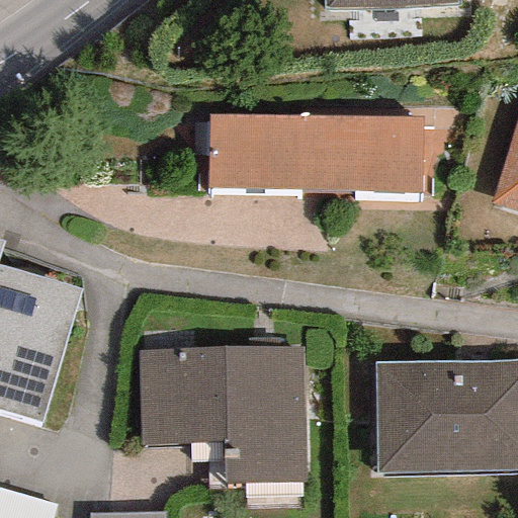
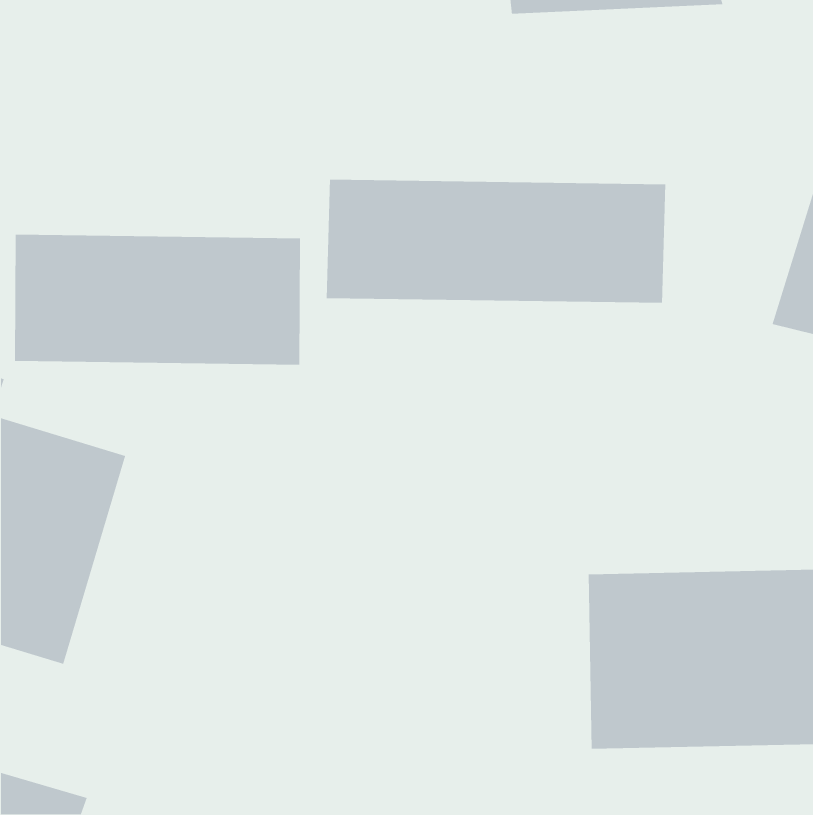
building: none -> [14,234,301,366]
building: [138,346,307,483] -> none

